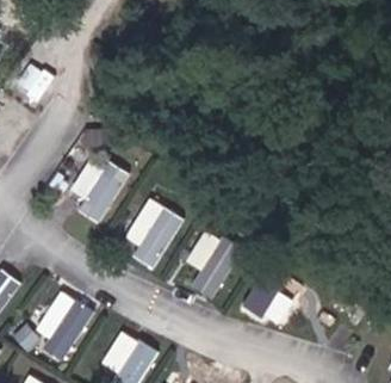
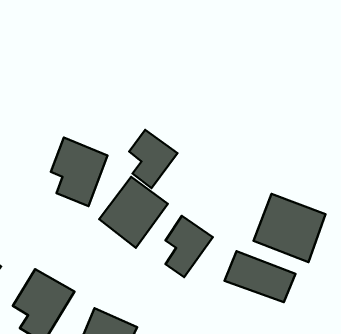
building: none -> [129,130,177,188]
building: none -> [254,194,326,262]

